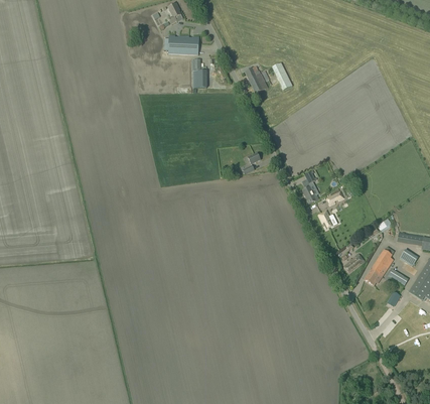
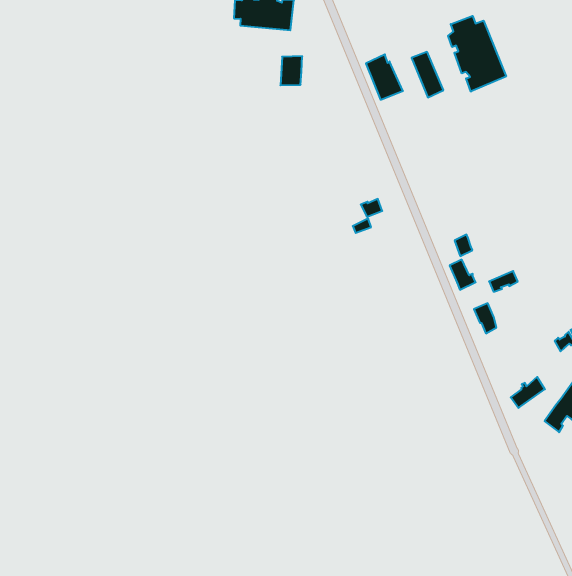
building: none -> [448,16,506,92]

